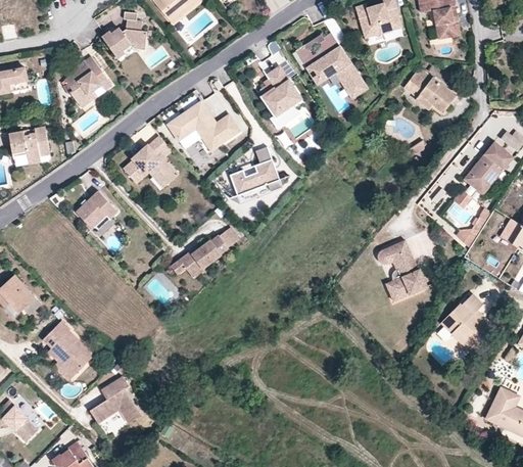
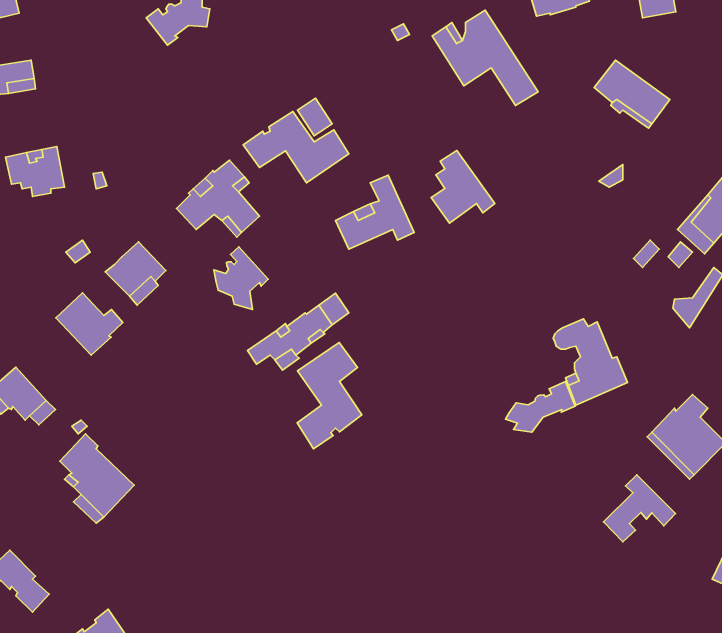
building: [64,56,111,106] -> none
building: [262,67,304,116] -> [431,151,495,223]
building: none -> [214,247,268,309]
building: none -> [56,293,123,355]
building: none -> [297,342,362,449]
building: none -> [505,382,575,432]
building: none -> [604,475,675,542]
building: [92,376,143,423] -> none

